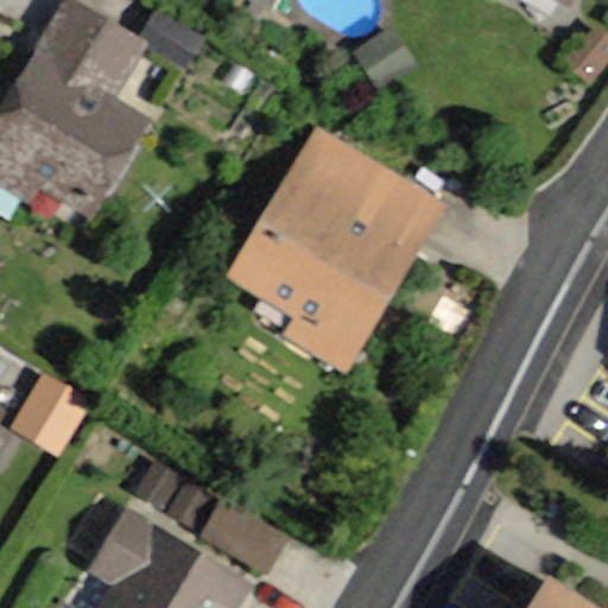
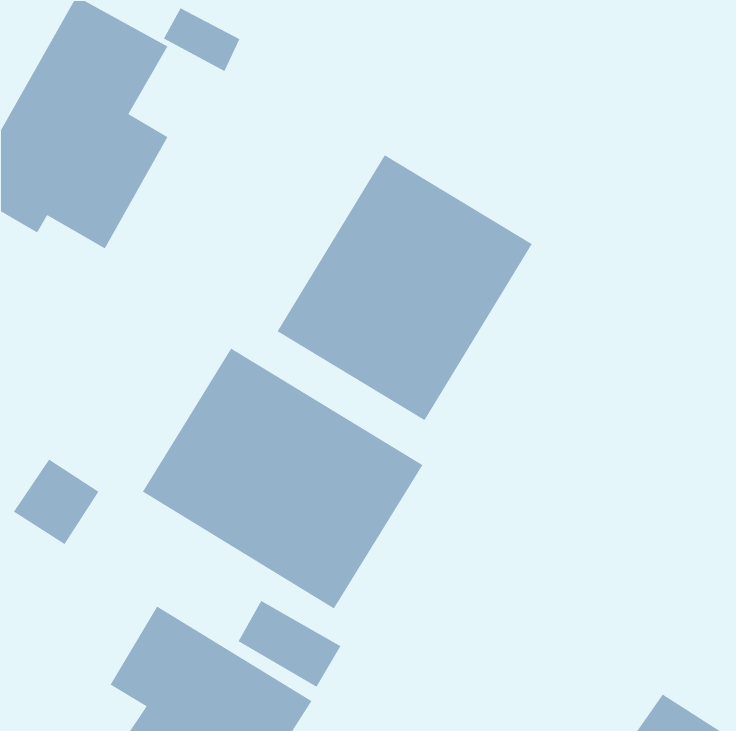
building: none -> [142,347,423,609]

